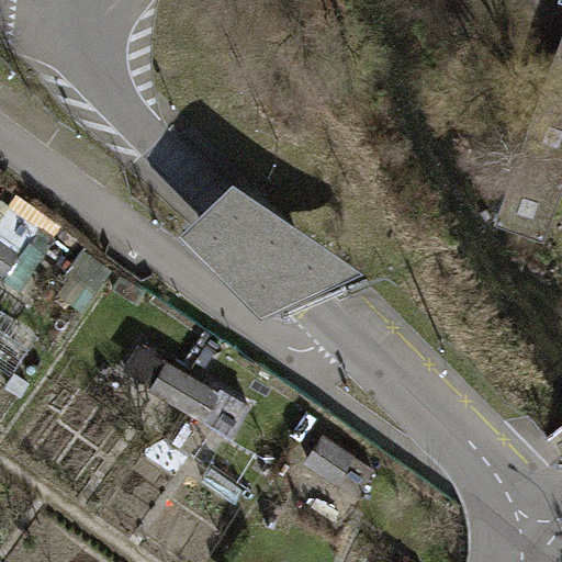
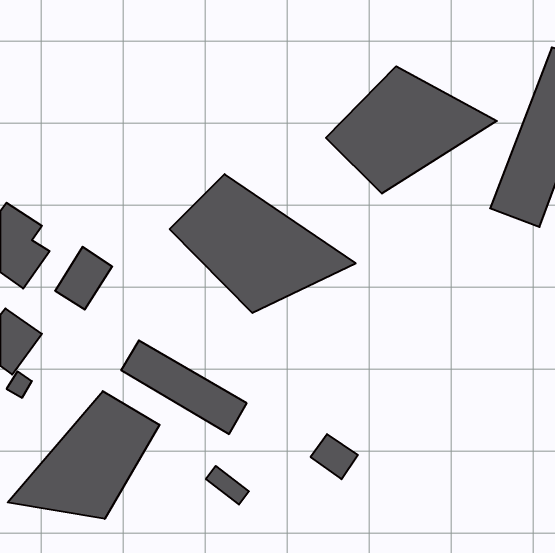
building: none -> [326,66,497,194]
building: none -> [8,391,160,519]

